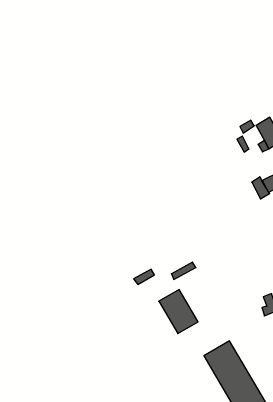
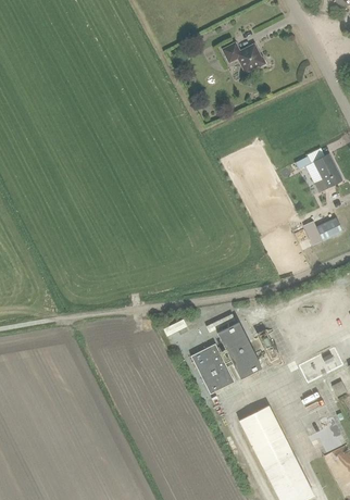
building: none -> [222,41,265,72]
building: none -> [216,321,261,377]

